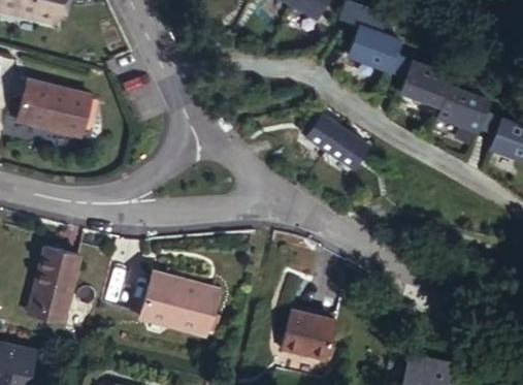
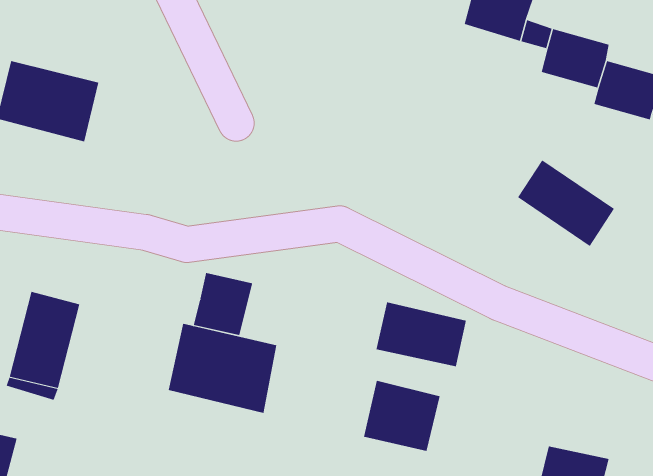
building: [303,111,372,173] -> [517,159,615,247]
building: none -> [193,272,253,336]
building: none -> [376,301,467,367]

